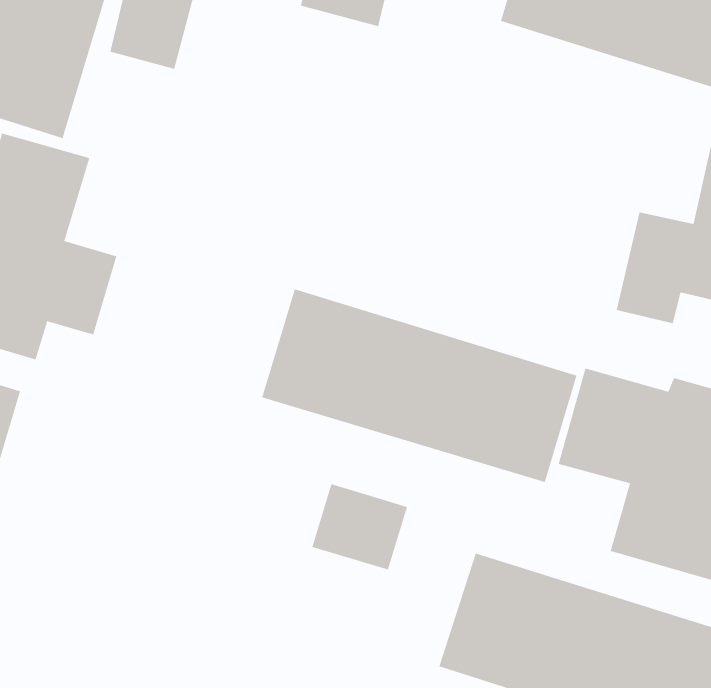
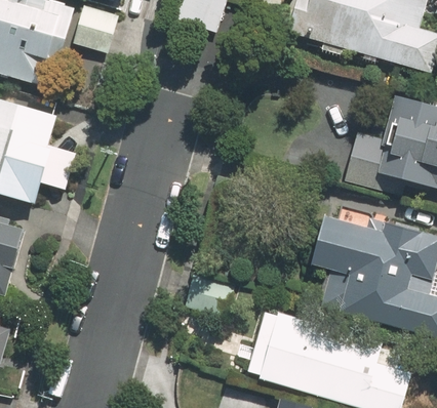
building: [261,289,577,483] -> none

